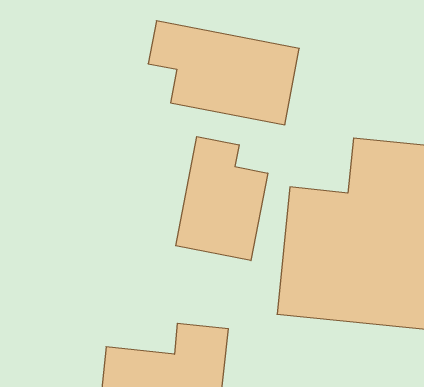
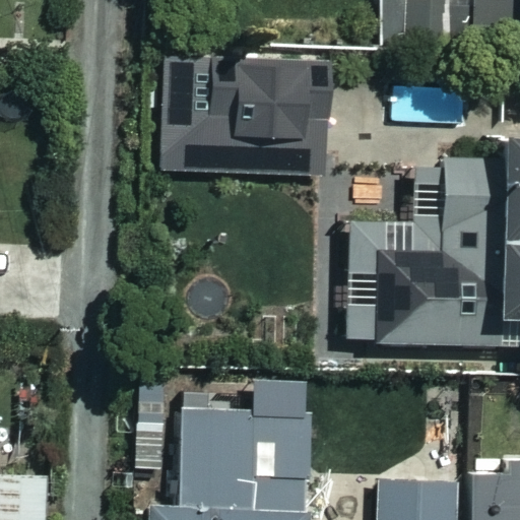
building: [176,137,268,261] -> none

